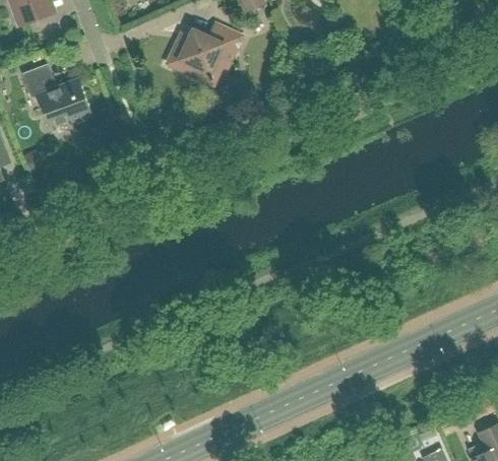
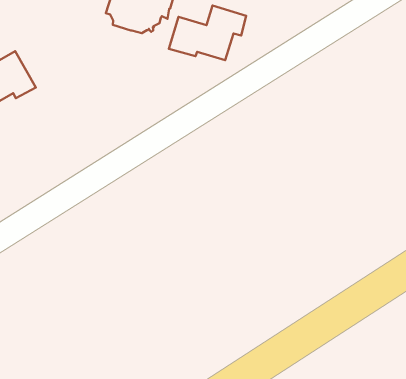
building: none -> [169,5,246,60]

